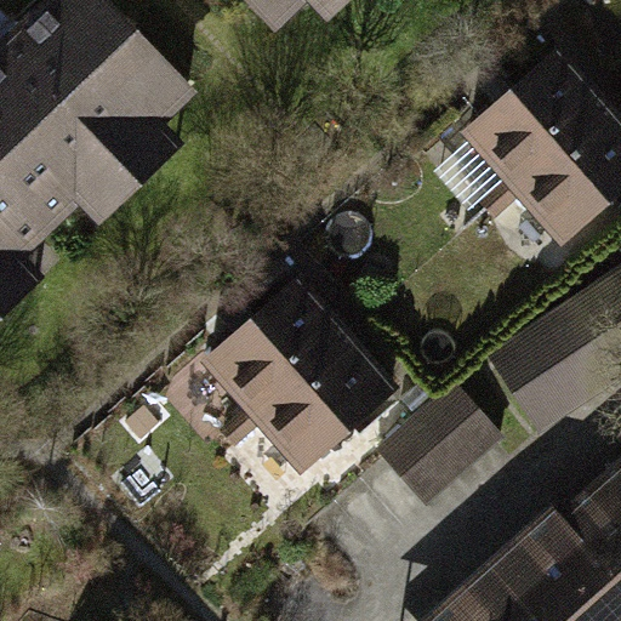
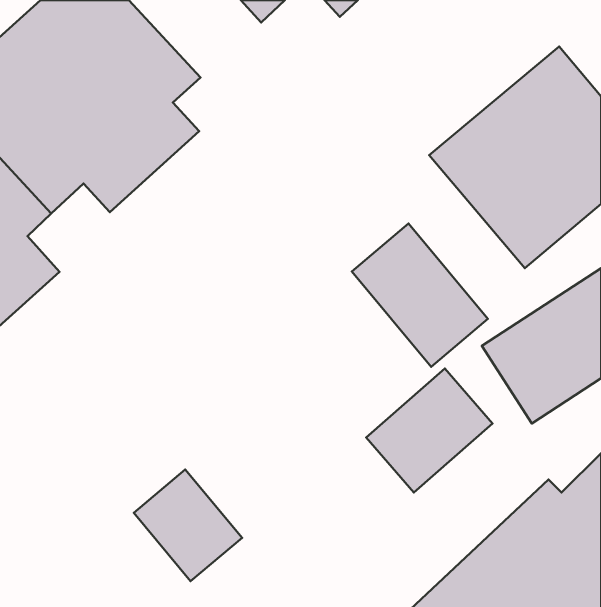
building: none -> [352,224,488,367]
building: [176,269,408,497] -> none
building: none -> [134,470,242,581]

